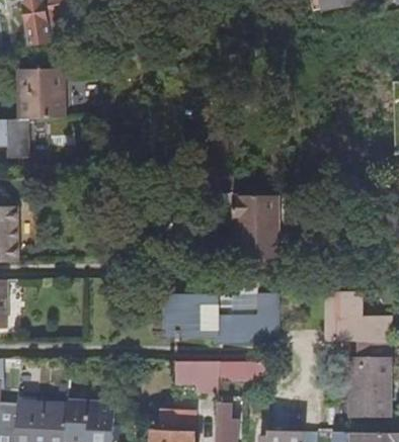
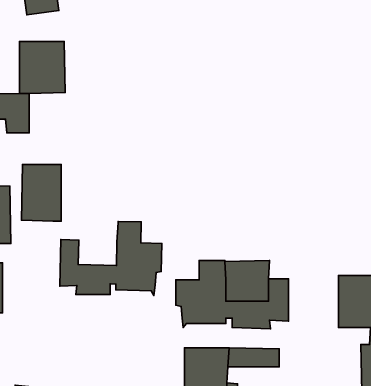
building: none -> [22,164,61,221]
building: [232,197,277,261] -> none
building: none -> [60,221,162,296]

